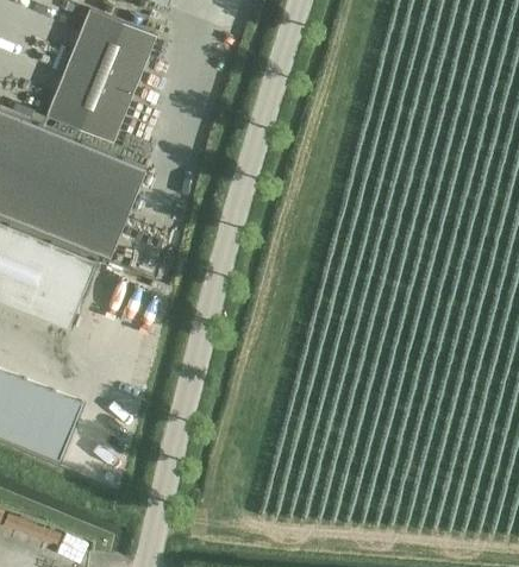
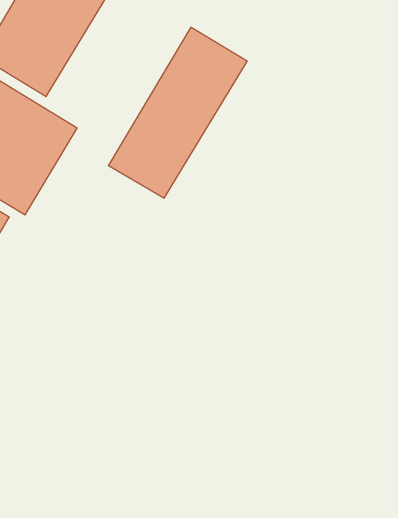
building: none -> [108,27,247,198]

